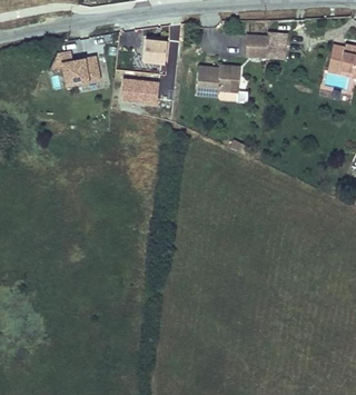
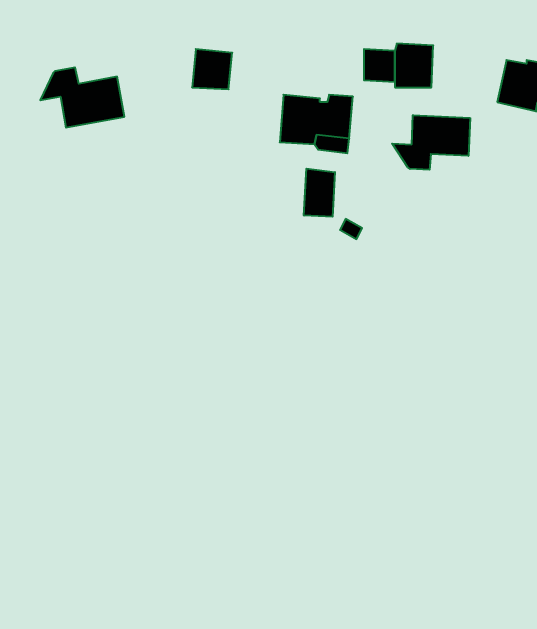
building: [120,77,159,103] -> none
building: none -> [392,115,470,170]
building: none -> [304,169,335,217]

